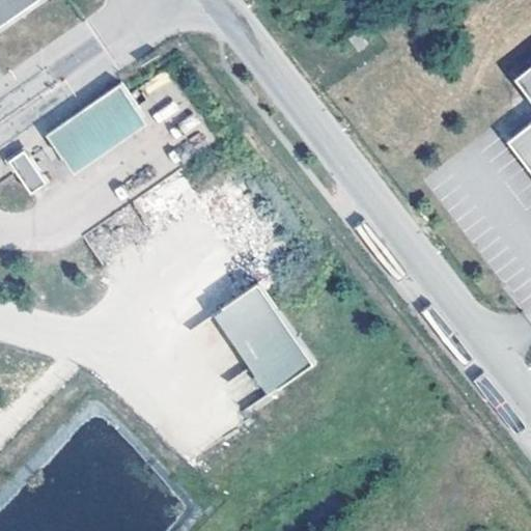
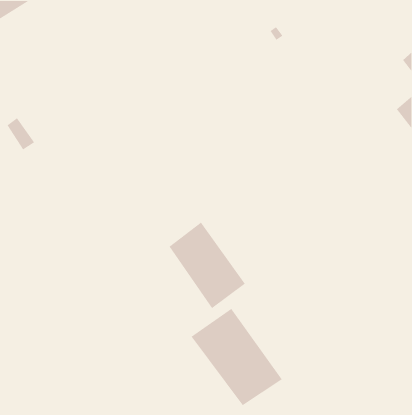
building: [47,85,145,174] -> none
building: none -> [191,308,283,406]

